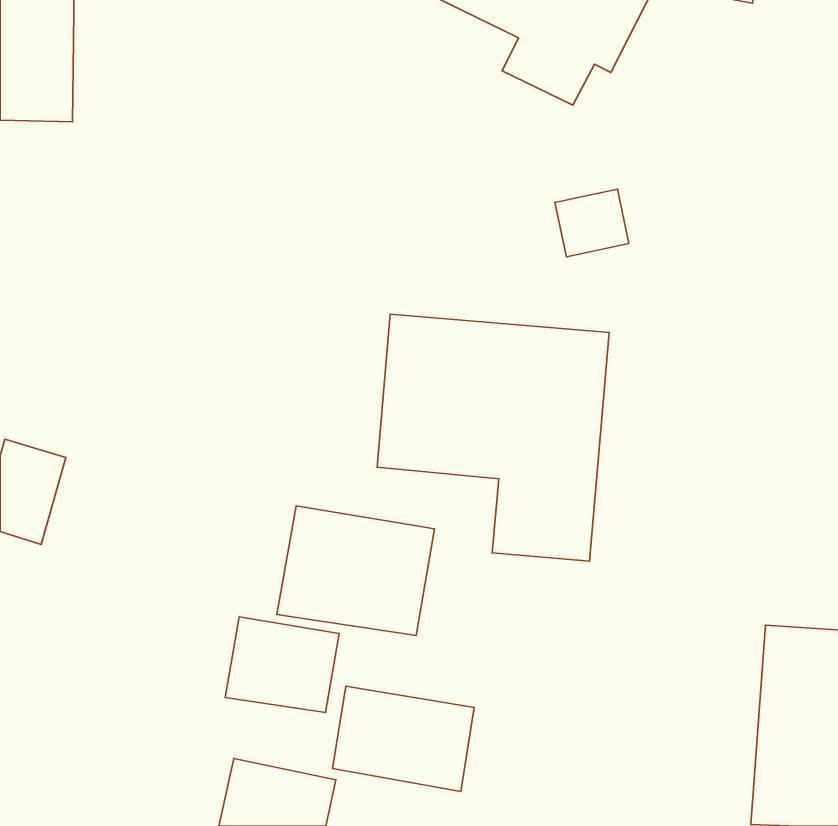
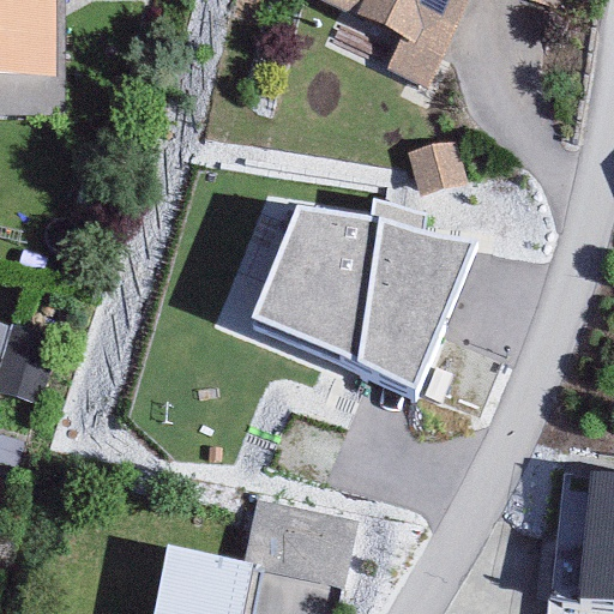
building: [277,506,434,635] -> none
building: [225,617,339,713] -> none

